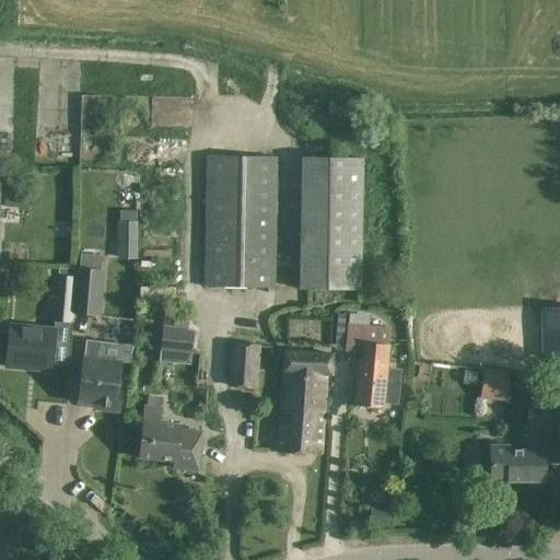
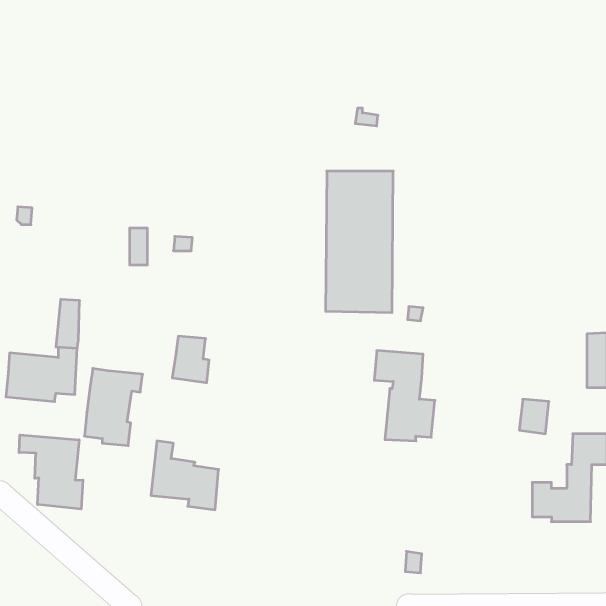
building: [205,155,278,288] -> none
building: [73,254,104,315] -> none
building: [228,342,261,387] -> none
building: [278,350,332,453] -> none
building: none -> [19,435,83,509]

